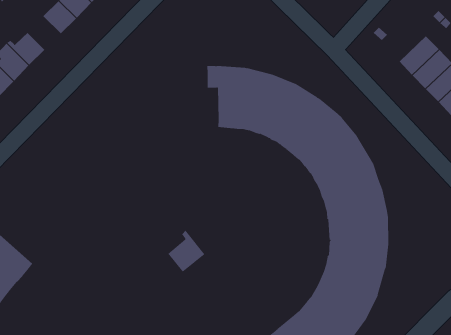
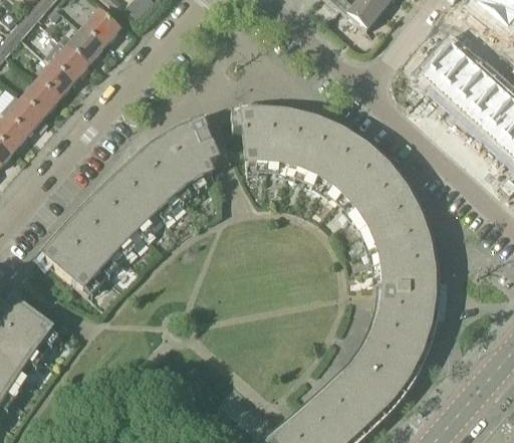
building: none -> [34,63,70,99]
building: none -> [422,42,465,87]
building: none -> [39,114,218,292]
building: [167,230,205,272] -> none

